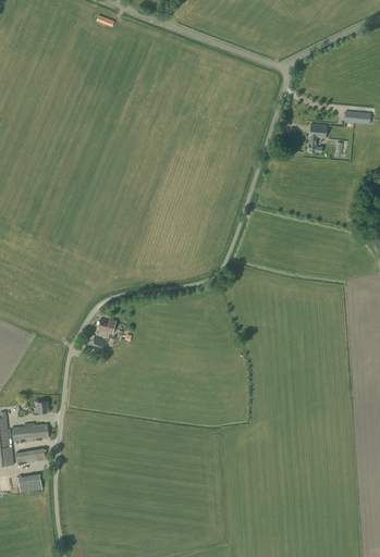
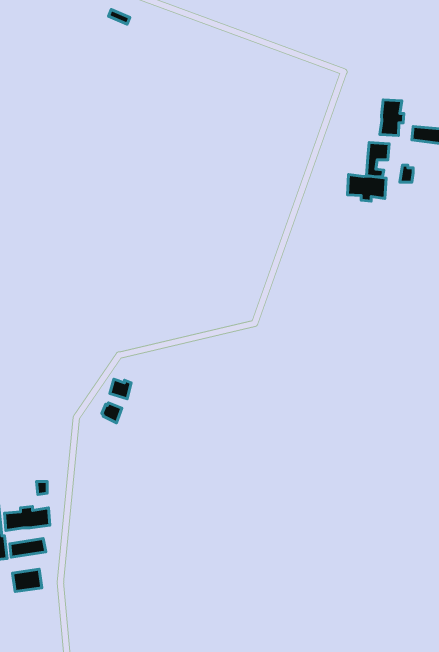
building: none -> [380,100,404,135]
building: none -> [347,175,386,201]

